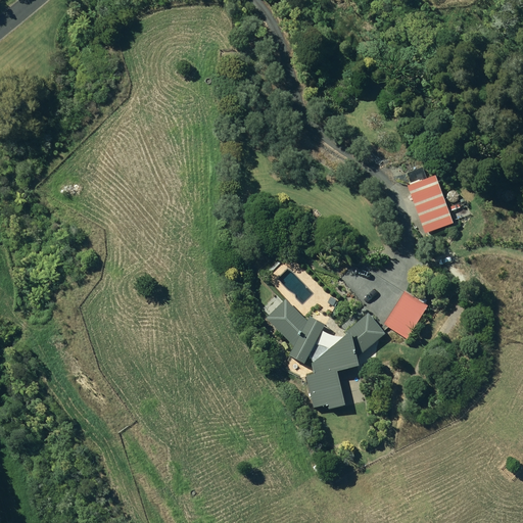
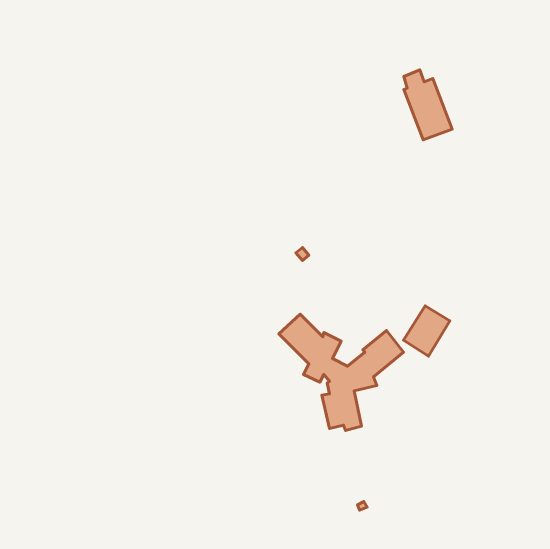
building: [407,167,453,233] -> [404,70,452,140]

